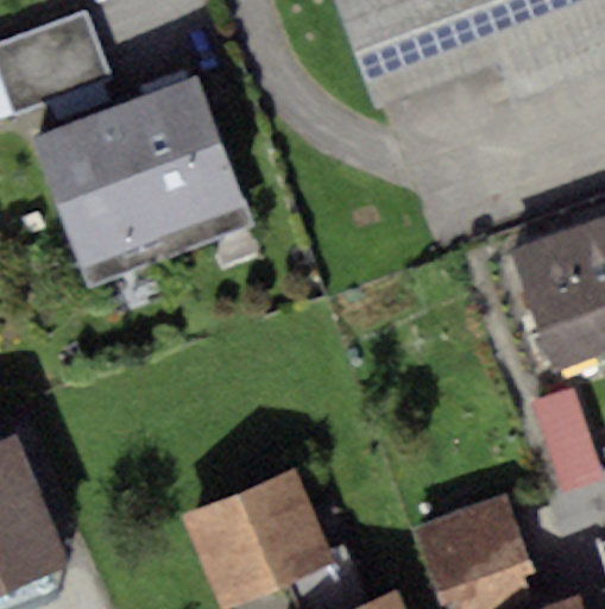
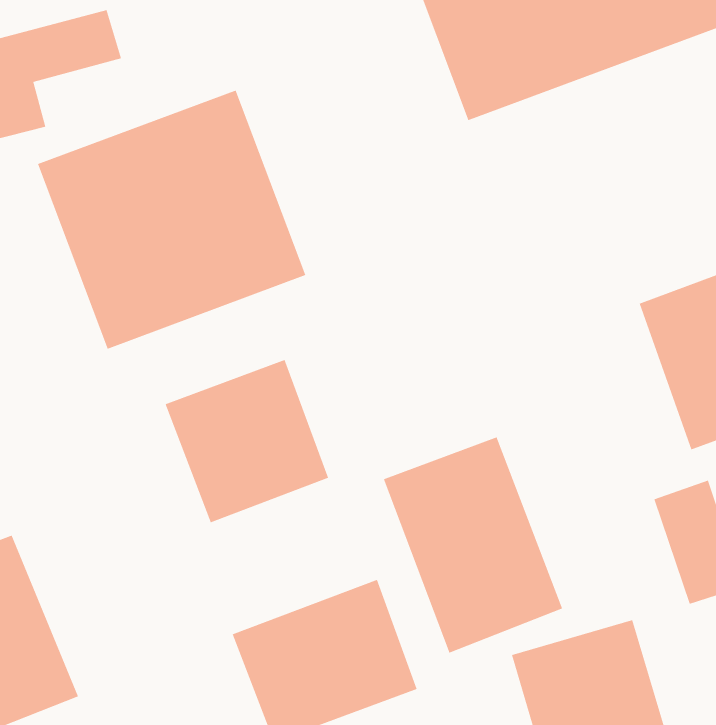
building: none -> [165,359,329,523]
building: none -> [383,437,563,653]

